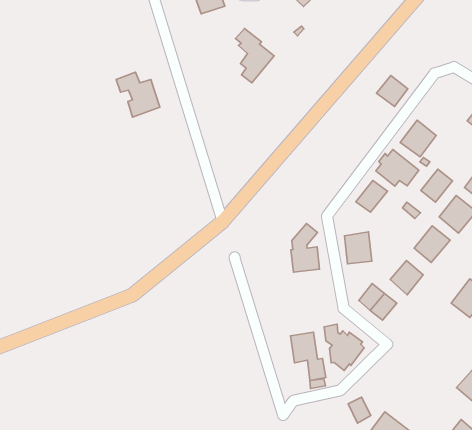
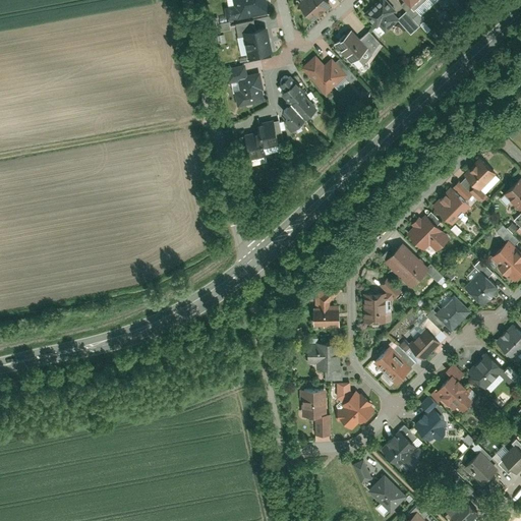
building: none -> [300,57,347,98]
building: [116,72,160,117] -> [225,65,266,110]
building: none -> [245,121,279,161]
building: [377,75,408,107] -> [465,161,497,192]
building: [421,169,452,202] -> [395,256,427,289]
building: none -> [307,342,339,369]
building: none -> [433,367,472,406]
building: none -> [414,406,450,442]
building: none -> [382,431,419,468]

